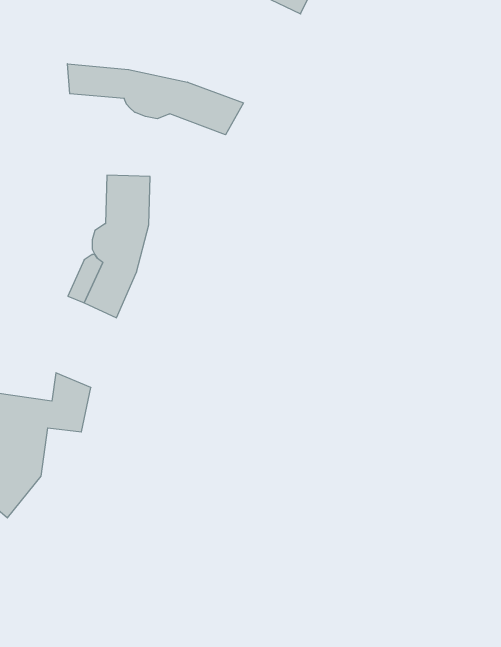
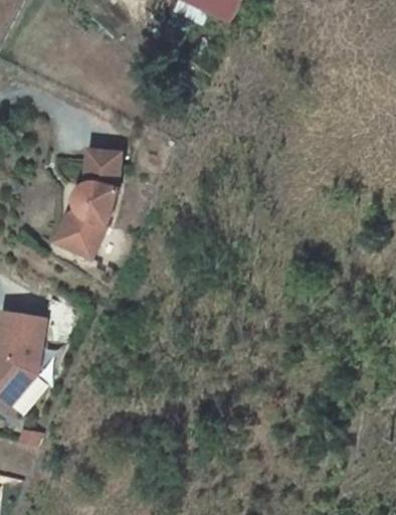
building: [67,64,243,135] -> none

